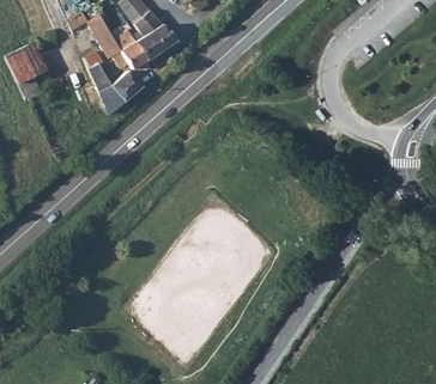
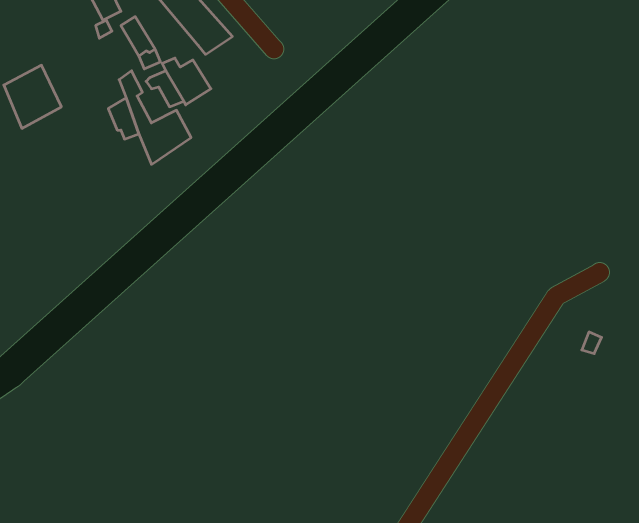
building: [132,26,177,61] -> none

